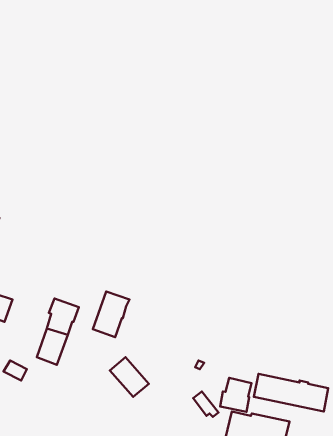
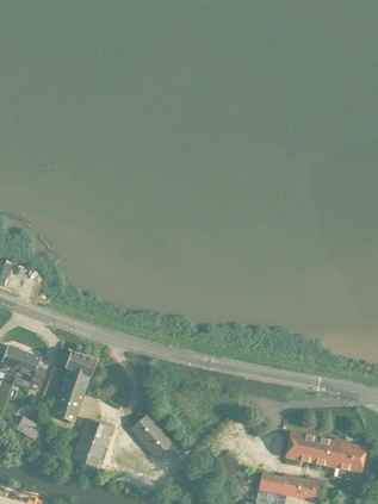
building: [93,292,129,337] -> [72,418,111,467]
building: none -> [17,351,45,385]
building: [220,378,251,412] -> none

